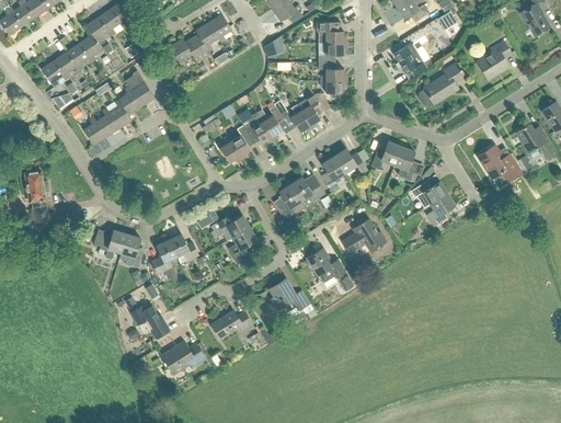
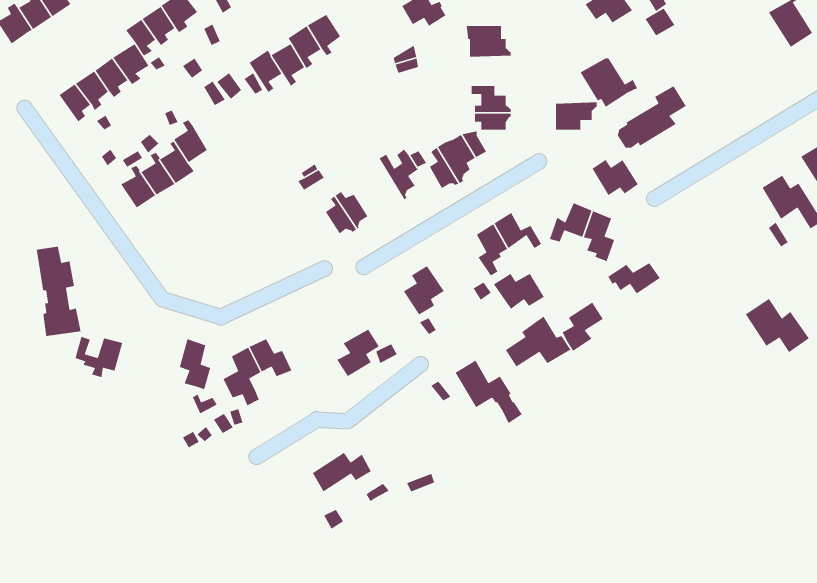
building: [477,41,511,79] -> none
building: [318,43,346,62] -> [555,101,597,131]
building: [125,70,154,106] -> none
building: [242,112,274,144] -> none
building: none -> [592,159,639,196]
building: [478,145,522,182] -> [745,298,810,353]
building: [289,176,324,202] -> [493,273,545,310]
building: [426,193,455,227] -> [562,301,604,352]
building: [214,214,250,240] -> none
building: [94,229,127,258] -> [74,336,123,378]
building: [271,278,311,312] -> none
building: [130,305,170,338] -> none
building: [161,341,205,374] -> none

